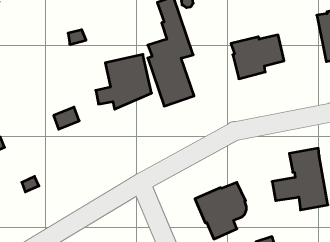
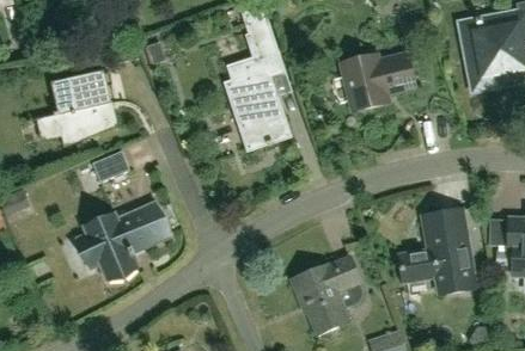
building: [96,54,152,109] -> [38,70,116,147]
building: none -> [80,207,166,278]

